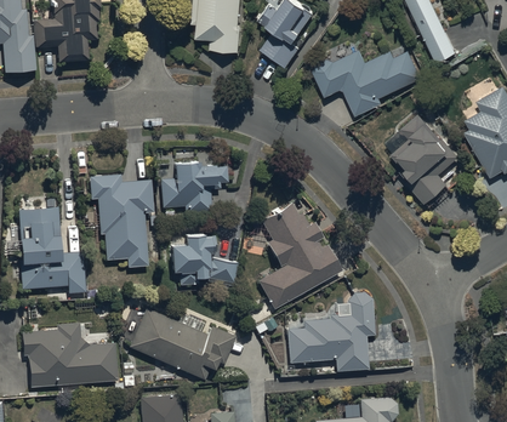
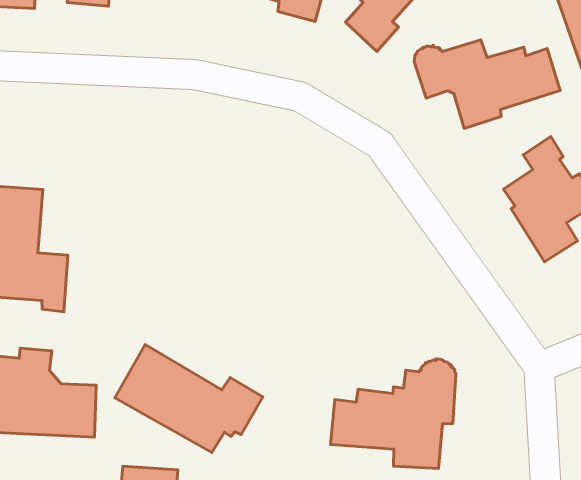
building: [160,155,228,212] -> none
building: [90,173,153,266] -> none
building: [257,200,342,308] -> none
building: [171,235,233,287] -> none

